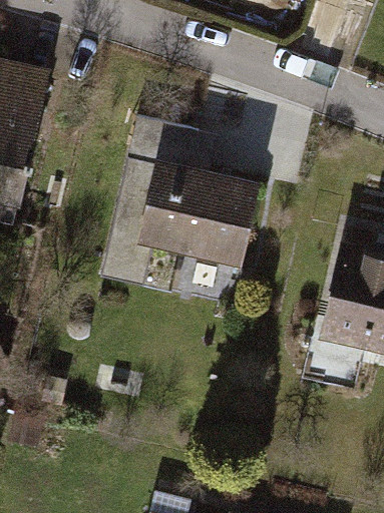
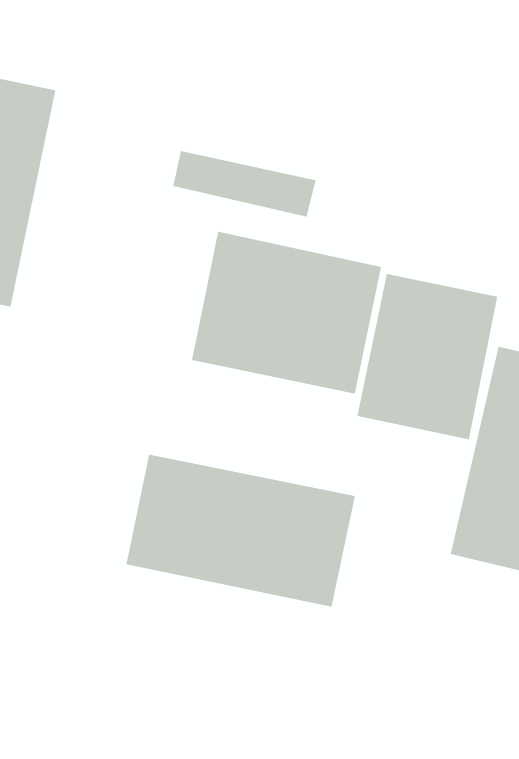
building: none -> [357,273,498,440]
building: none -> [126,454,355,607]

